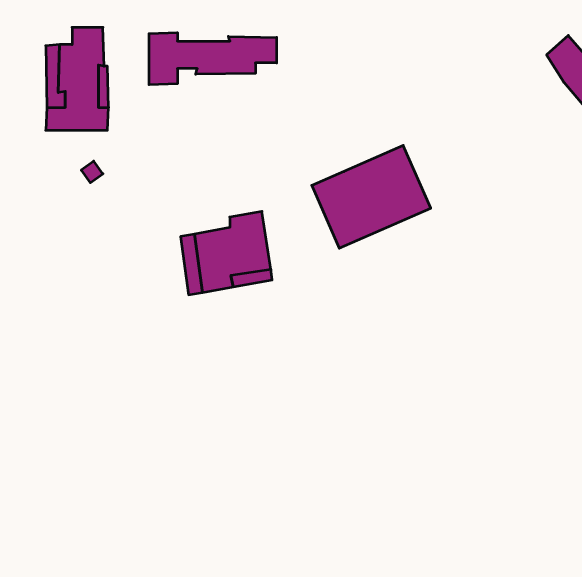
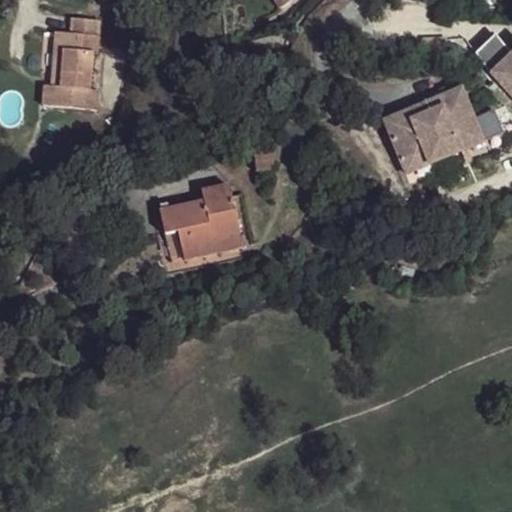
building: [149,33,277,85] -> none
building: [312,145,431,248] -> [385,81,489,171]

